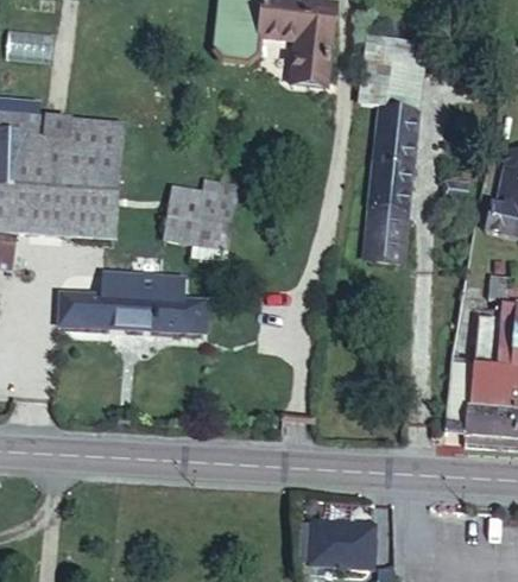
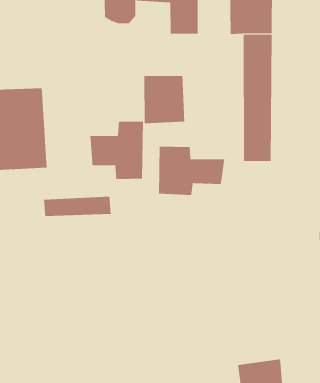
building: none -> [144,75,185,124]
building: none -> [158,146,225,196]
building: [61,289,210,335] -> none

